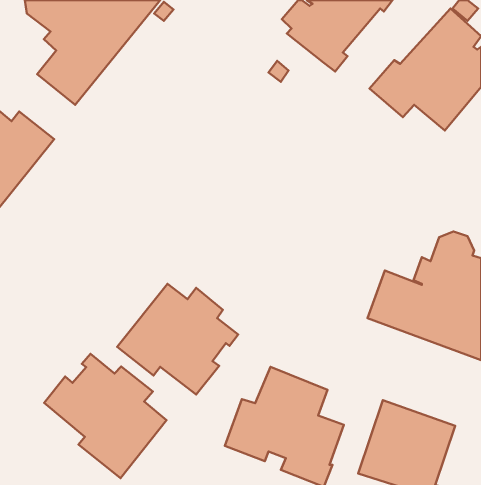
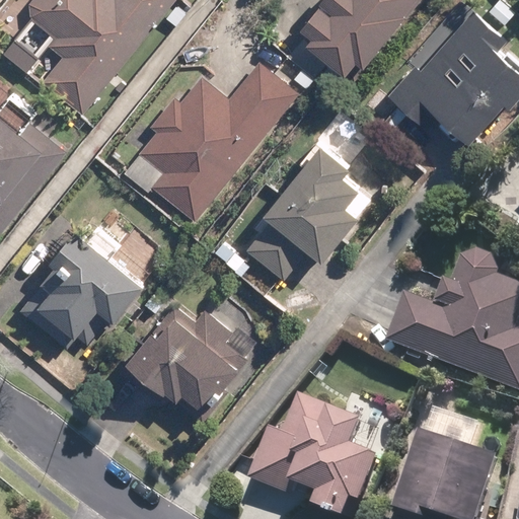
building: none -> [138,60,298,220]
building: none -> [258,139,369,279]
building: none -> [29,227,148,348]
building: [44,354,167,478] -> none

